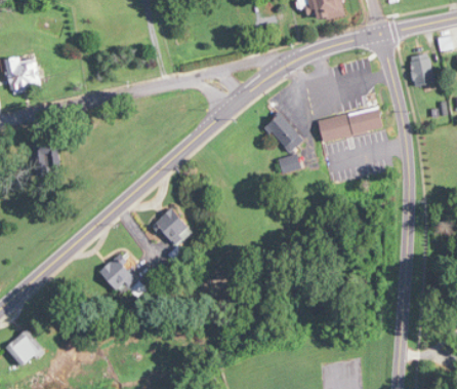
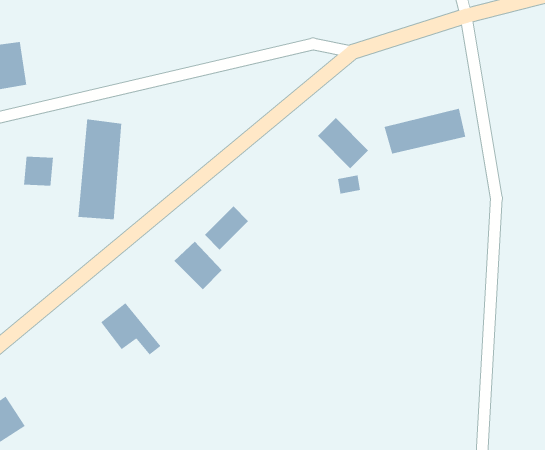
building: [407,54,431,84] -> none
building: none -> [78,119,122,220]
building: none -> [204,206,249,250]

